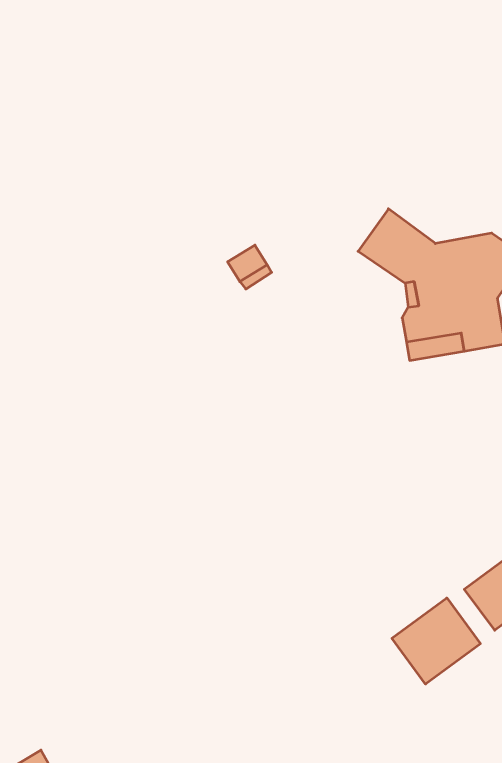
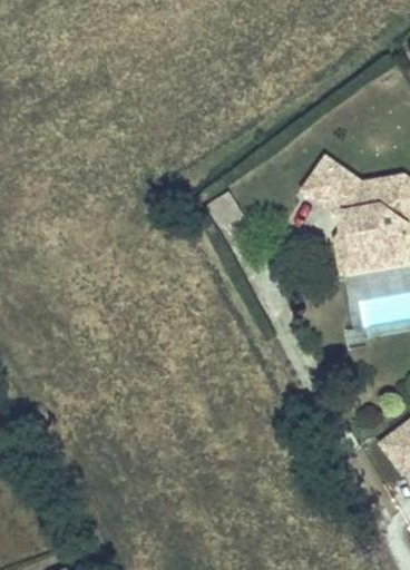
building: [392,598,480,684] -> none

